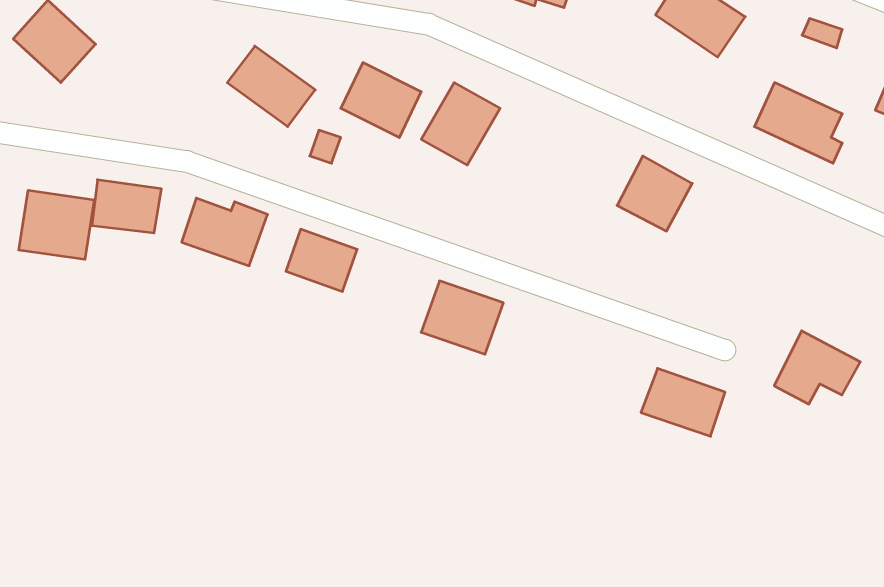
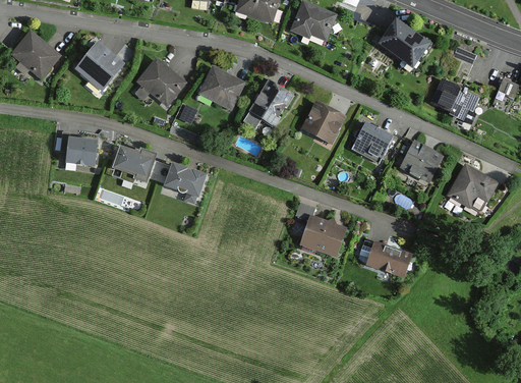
building: none -> [75,45,123,93]
building: none -> [298,102,345,146]
building: [19,190,94,259] -> none
building: none -> [401,140,446,181]
building: [421,281,503,354] -> [302,213,348,254]
building: [774,331,860,404] -> [448,165,496,206]

